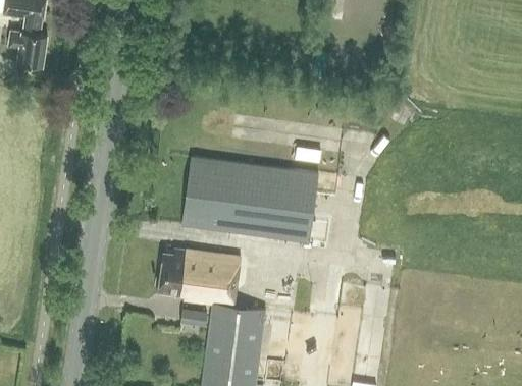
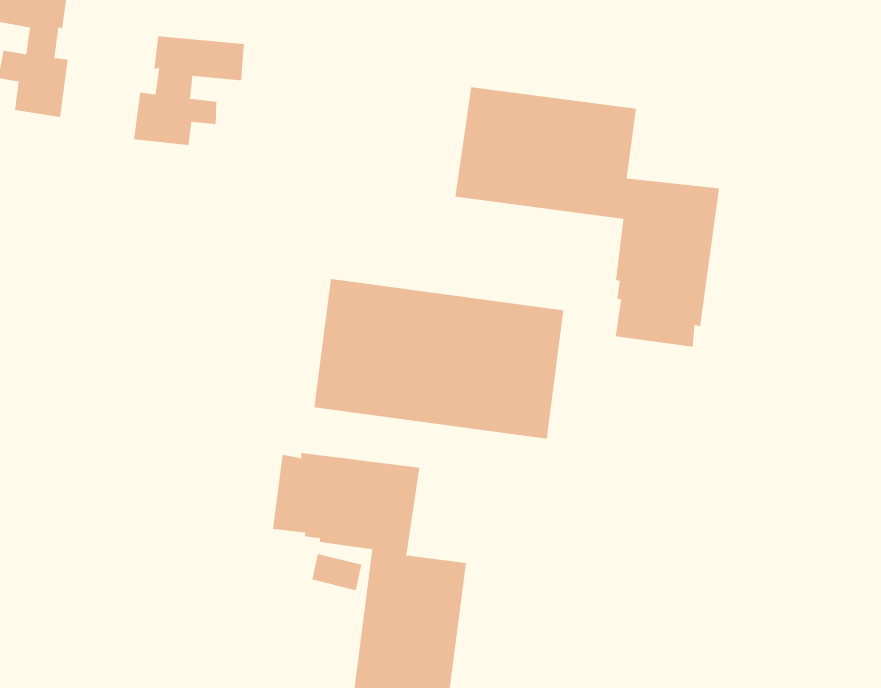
building: none -> [134,35,244,146]
building: none -> [455,86,719,348]

